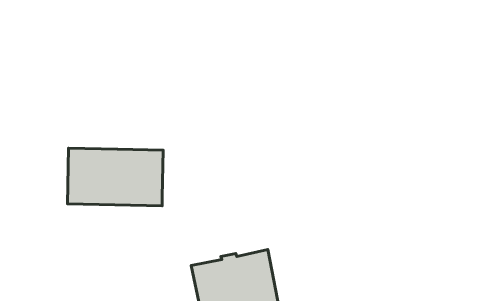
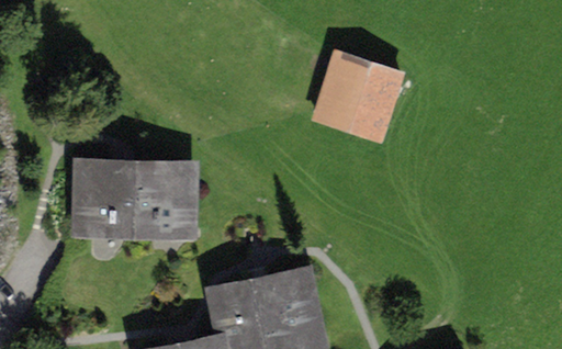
building: none -> [315,55,401,133]

